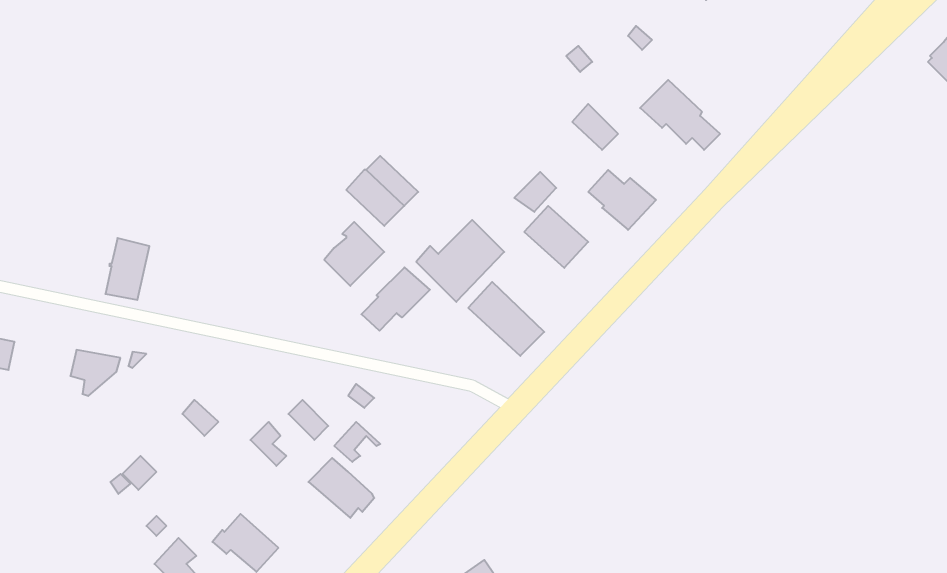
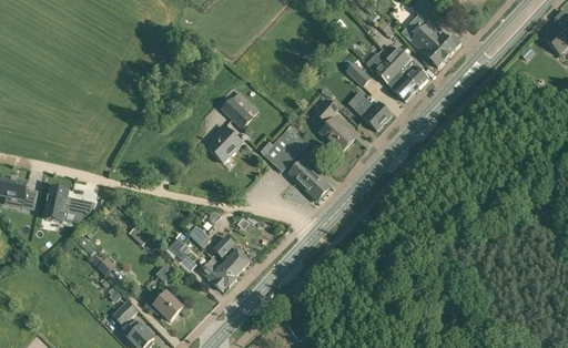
building: none -> [402,14,460,66]
building: none -> [376,63,419,101]
building: [105,238,149,300] -> [44,186,69,221]
building: [361,267,430,331] -> none
building: none -> [222,245,250,277]

